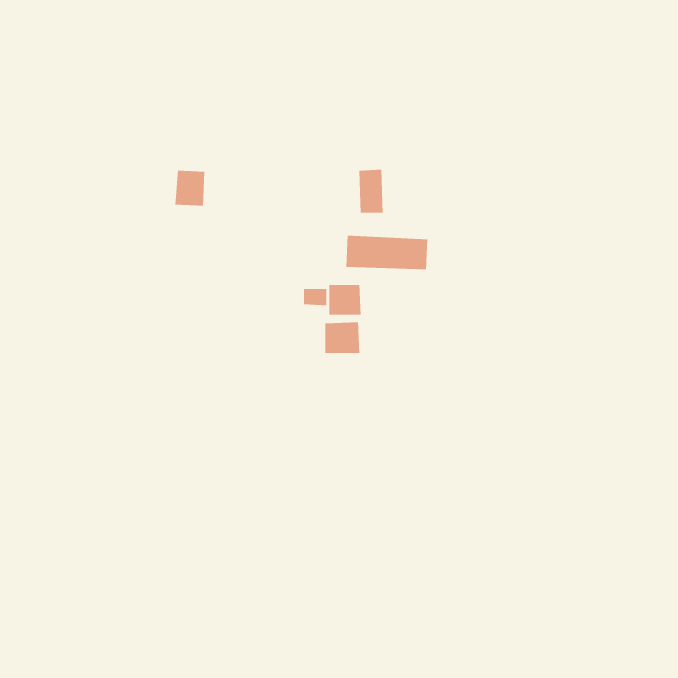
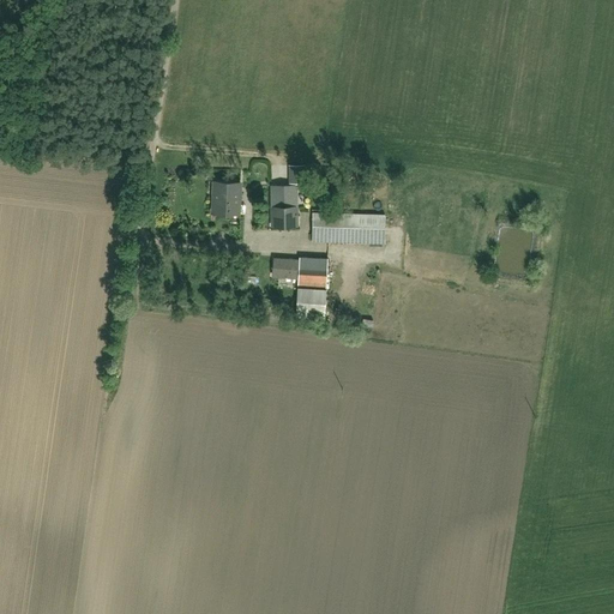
building: [358,169,384,213] -> [273,186,296,225]
building: [175,170,205,206] -> [211,181,239,213]

